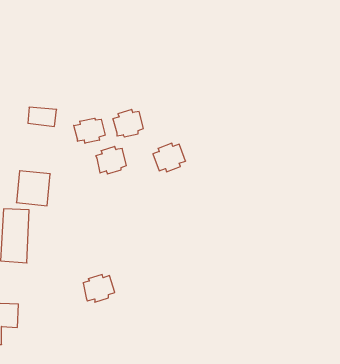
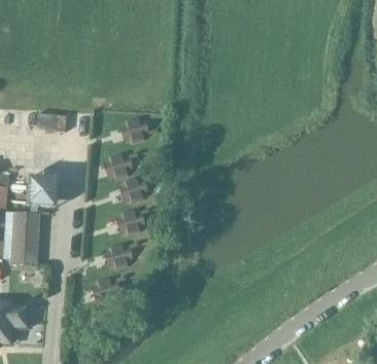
building: [74,118,105,143] -> none
building: [153,143,186,172] -> [118,175,150,203]
building: none -> [116,208,146,234]
building: none -> [104,242,135,268]

